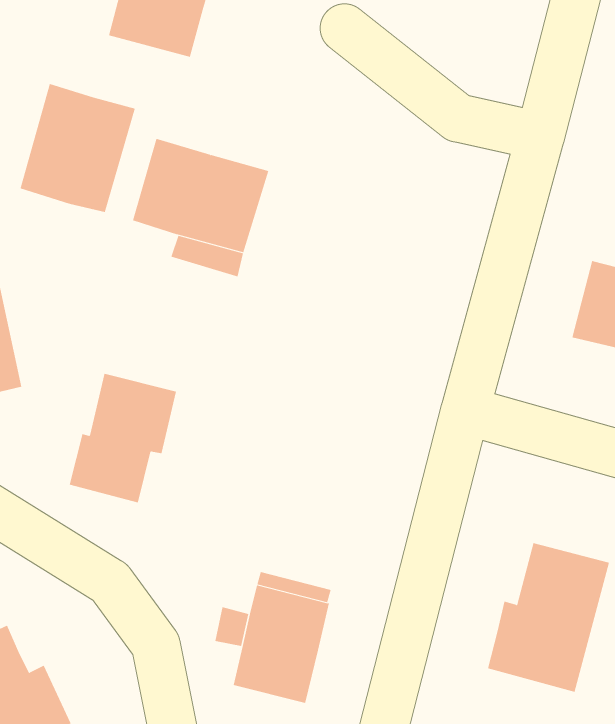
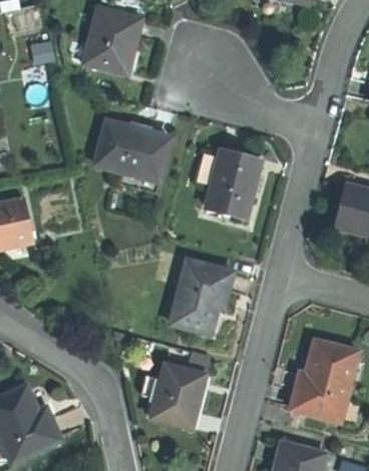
building: [20,83,136,213] -> none
building: none -> [207,149,260,217]
building: [69,373,177,503] -> [171,262,231,333]

